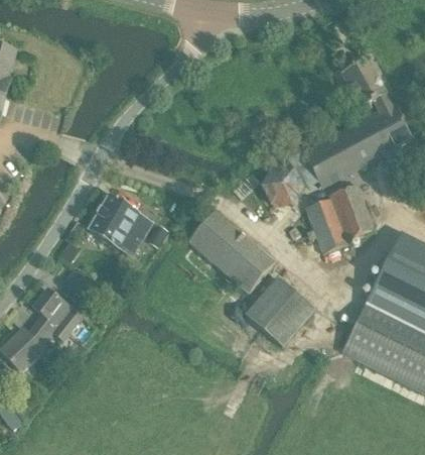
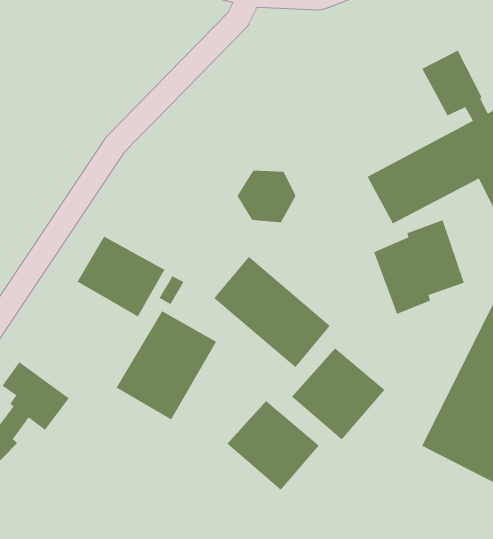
building: [260,166,304,206] -> [236,170,297,223]
building: none -> [116,310,217,421]
building: none -> [227,400,320,491]

